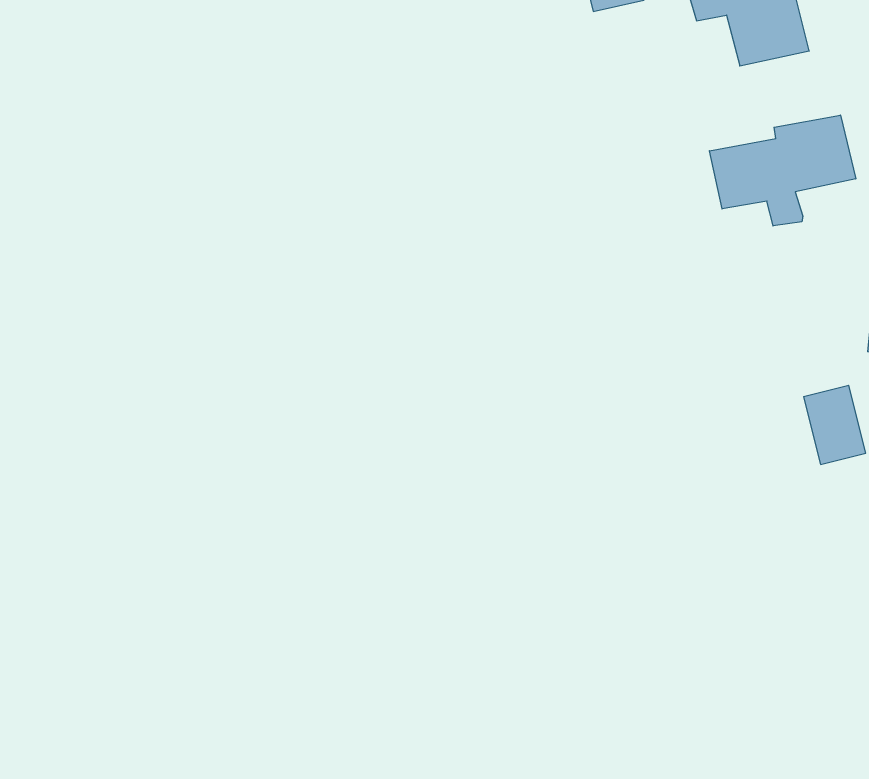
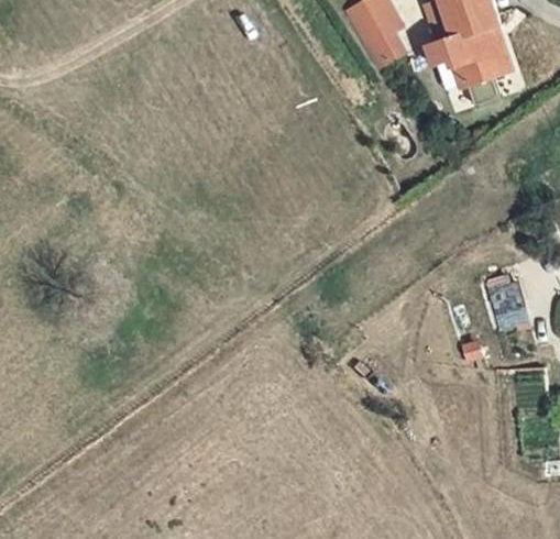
building: [709,115,856,226] -> none

